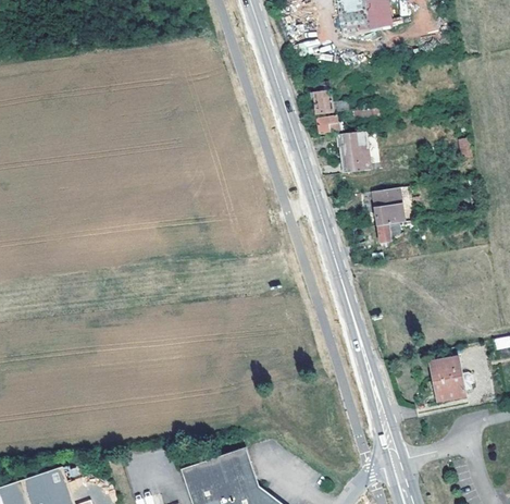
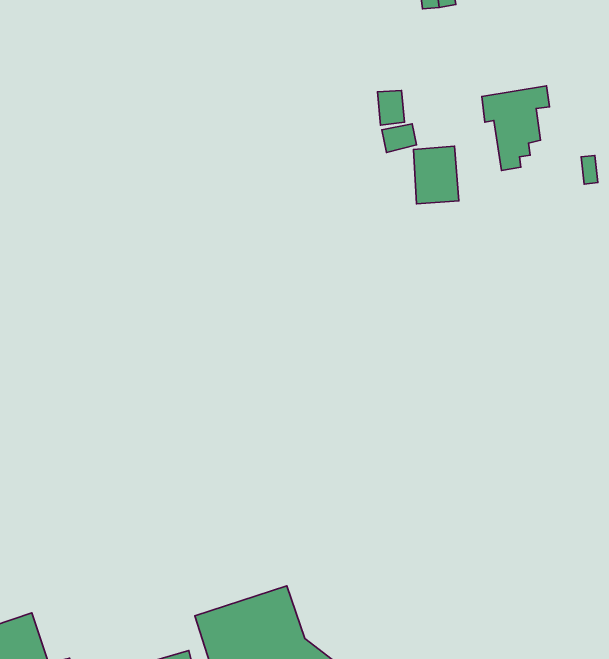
building: [362,185,411,246] -> [482,86,550,170]
building: [427,355,467,404] -> none

